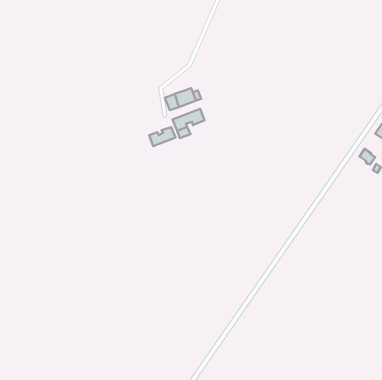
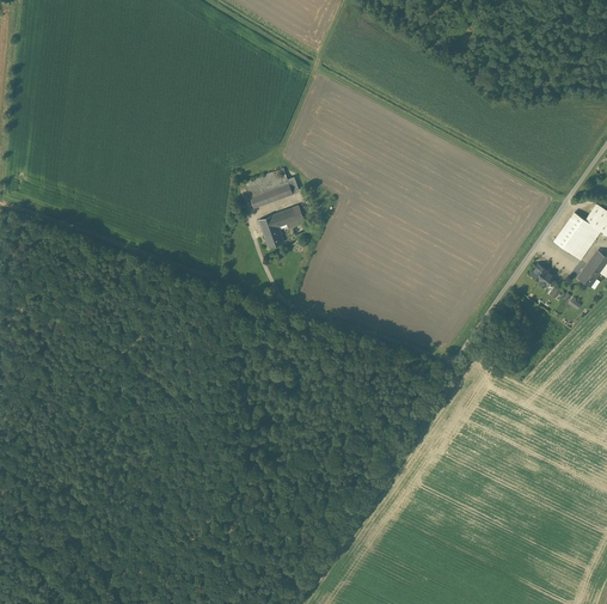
building: [149,127,175,146] -> none

